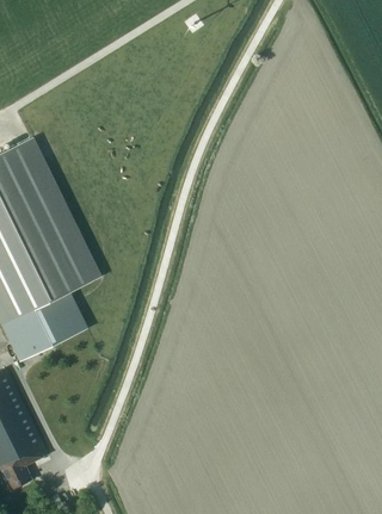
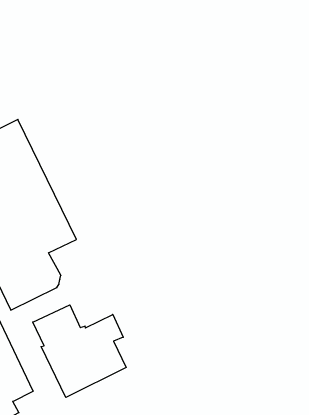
building: none -> [33,305,126,397]

